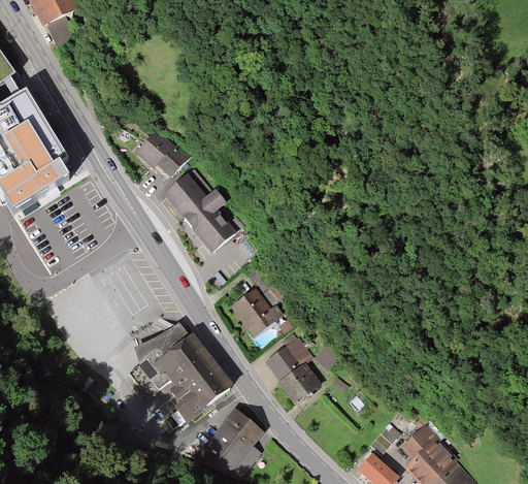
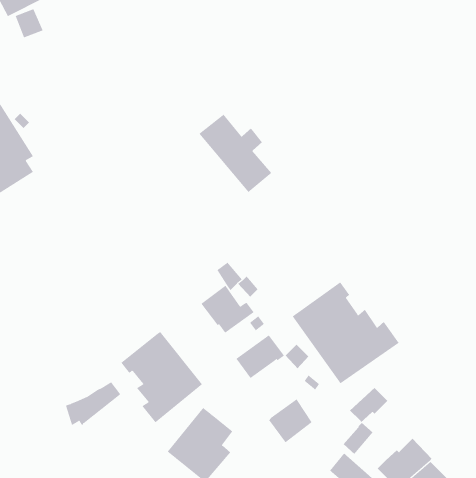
building: [135,130,191,178] -> none
building: [163,174,235,252] -> [198,114,272,193]
building: none -> [292,281,399,384]
building: [134,323,189,367] -> [65,381,121,427]
building: [277,361,321,405] -> [268,399,312,443]
building: [400,424,438,459] -> [349,387,388,423]

